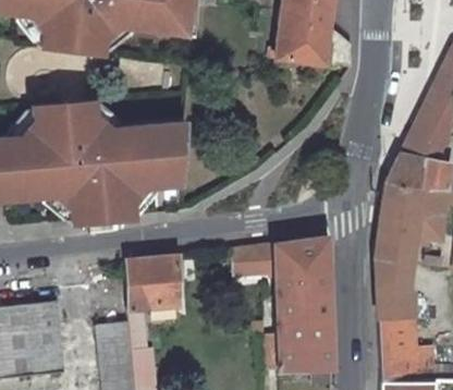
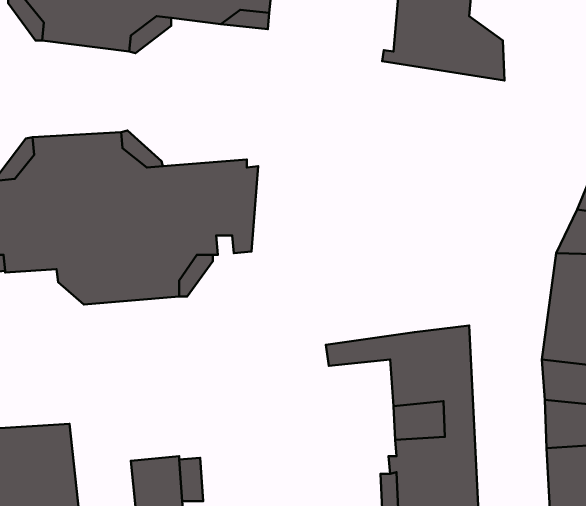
building: [128,254,181,316] -> none

